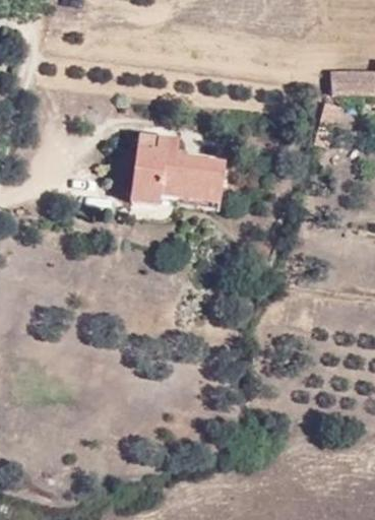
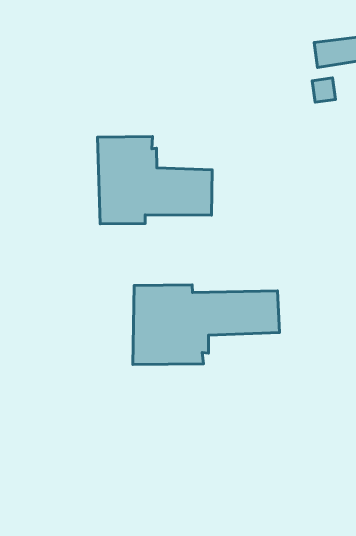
building: none -> [133,285,280,365]

